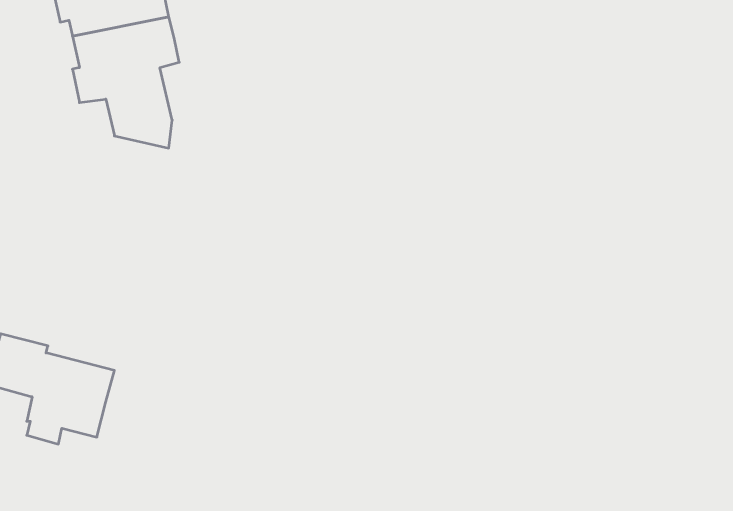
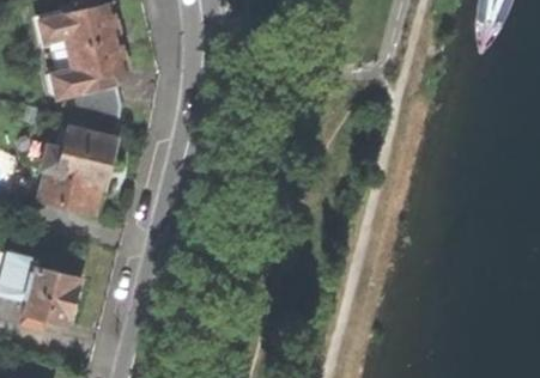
building: none -> [37,128,115,215]

